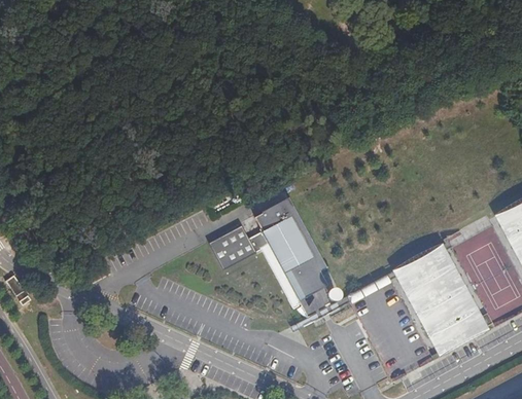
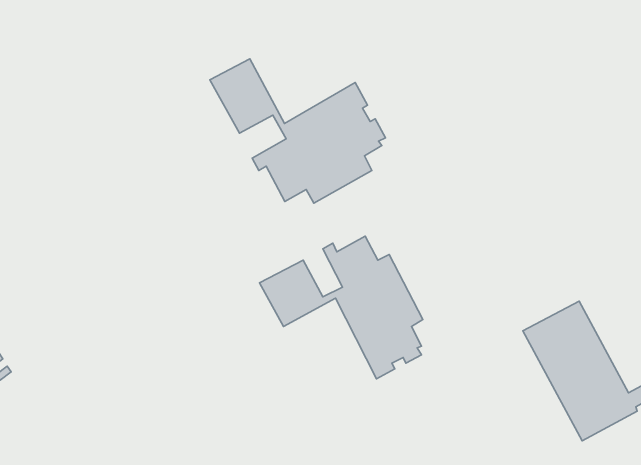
building: none -> [210,59,385,203]

